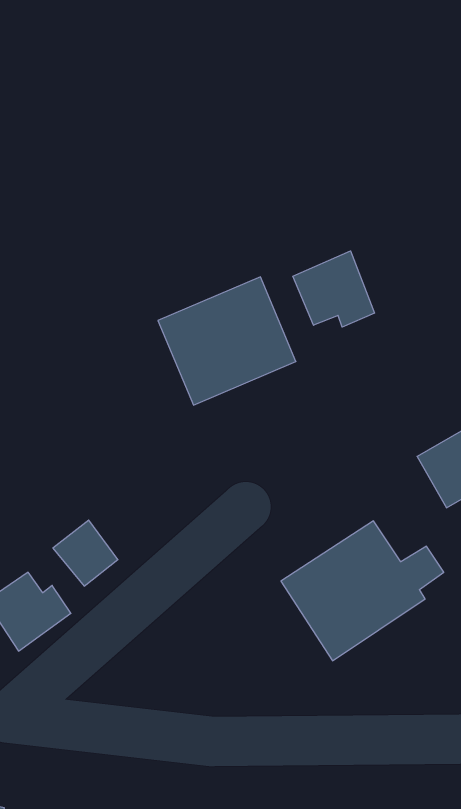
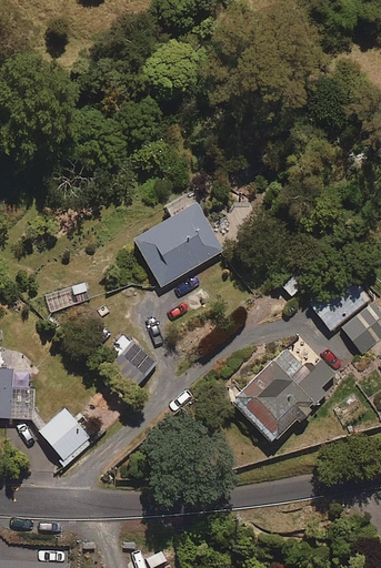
building: [293,251,375,327] -> none
building: [53,520,118,586] -> [113,342,157,385]

